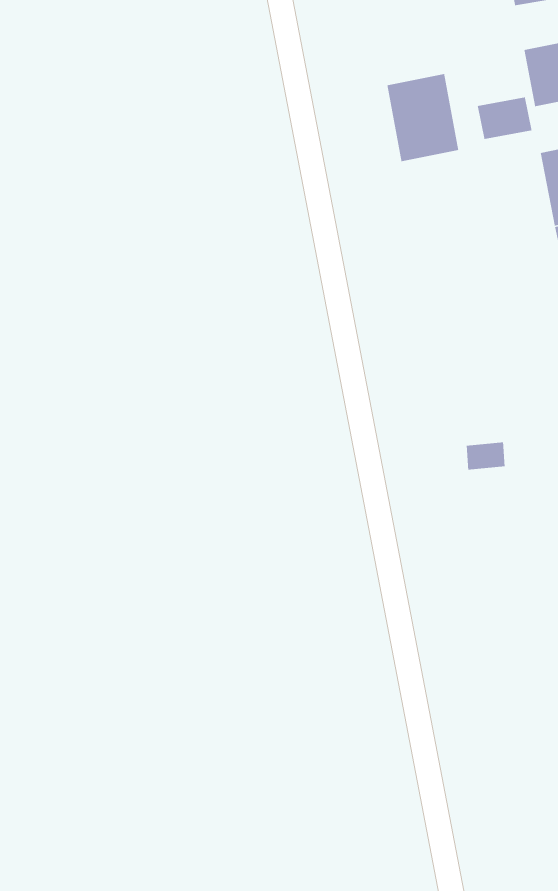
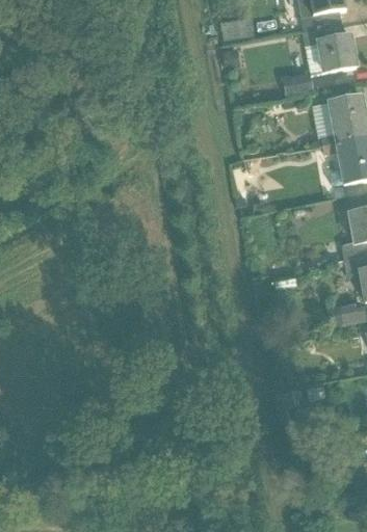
building: [387,73,459,162] -> none

